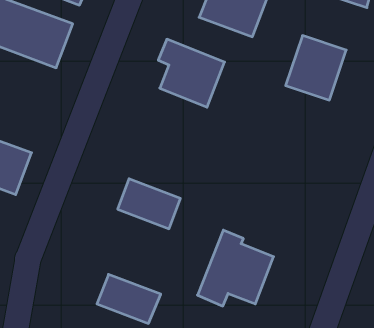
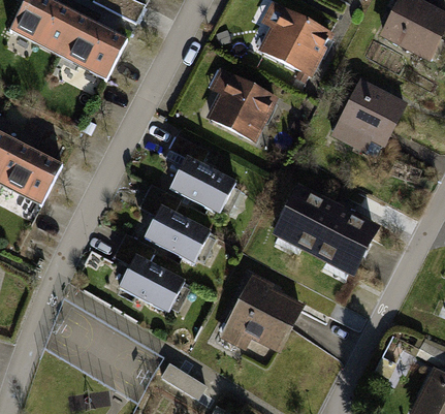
building: none -> [169,158,235,214]
building: none -> [278,186,381,275]
building: [97,274,161,323] -> [119,255,186,311]

